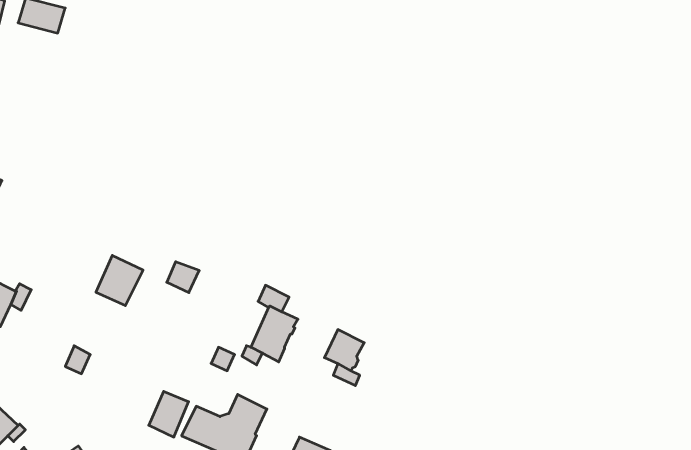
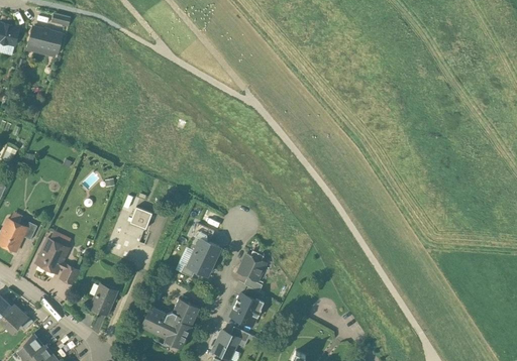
building: [96,255,143,306] -> [36,239,69,273]
building: none -> [231,293,264,326]
building: [149,391,189,437] -> [90,284,117,316]

